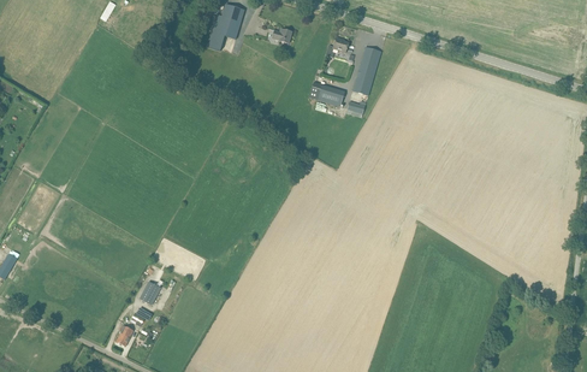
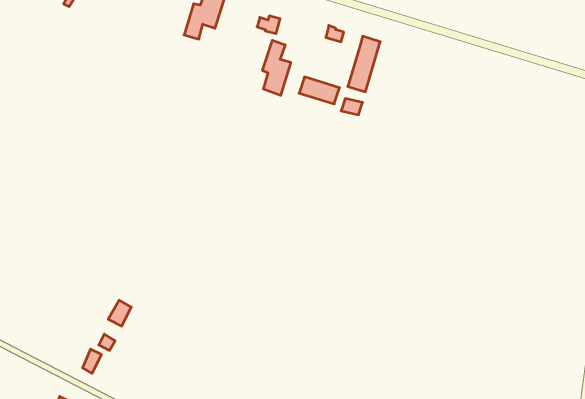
building: none -> [263,40,291,95]

